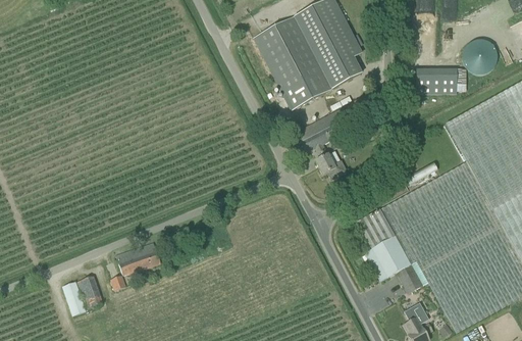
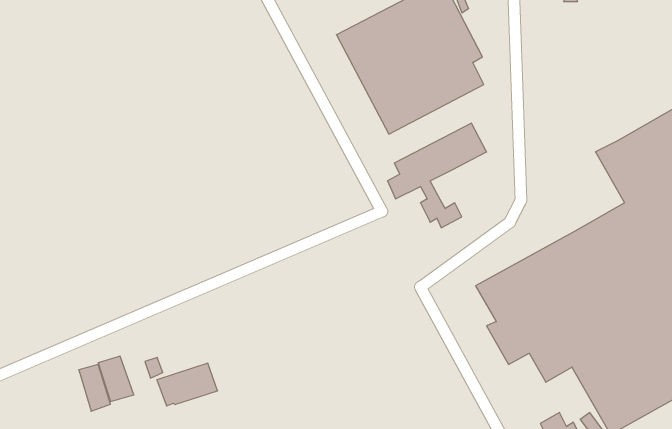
building: [465,39,497,70] -> none
building: [416,66,457,93] -> none
building: [116,242,161,274] -> [157,363,218,406]

